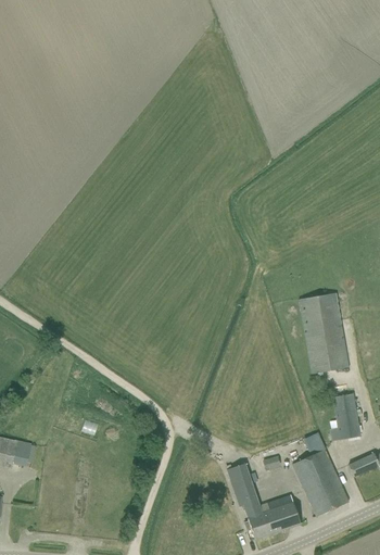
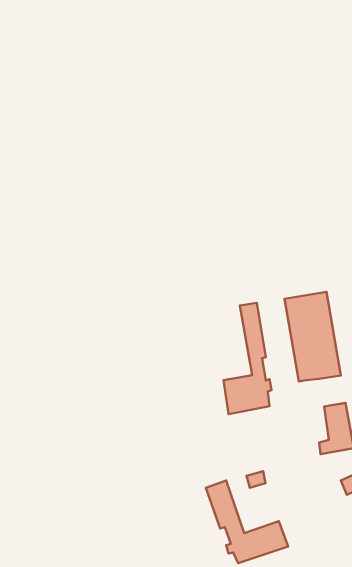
building: none -> [223,303,272,414]
building: [292,446,349,515] -> none

